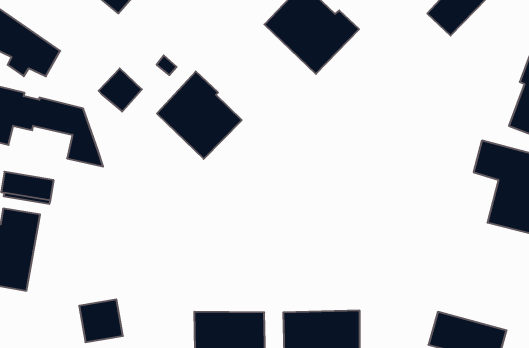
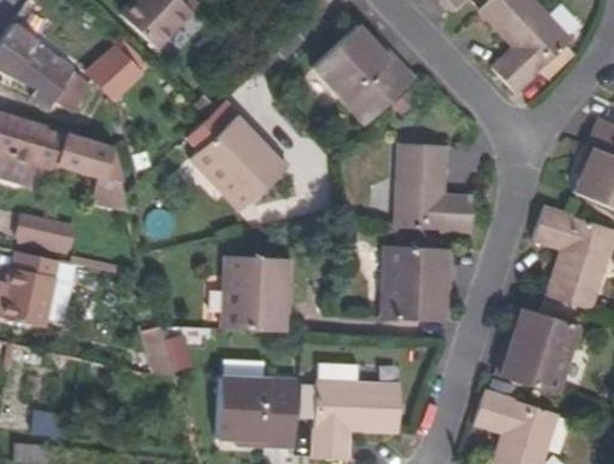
building: [99,68,142,112] -> [91,48,138,95]
building: none -> [394,144,474,232]
building: none -> [381,244,447,321]
building: none -> [221,254,286,330]
building: none -> [498,307,581,395]
building: [79,299,123,342] -> [143,326,189,371]

